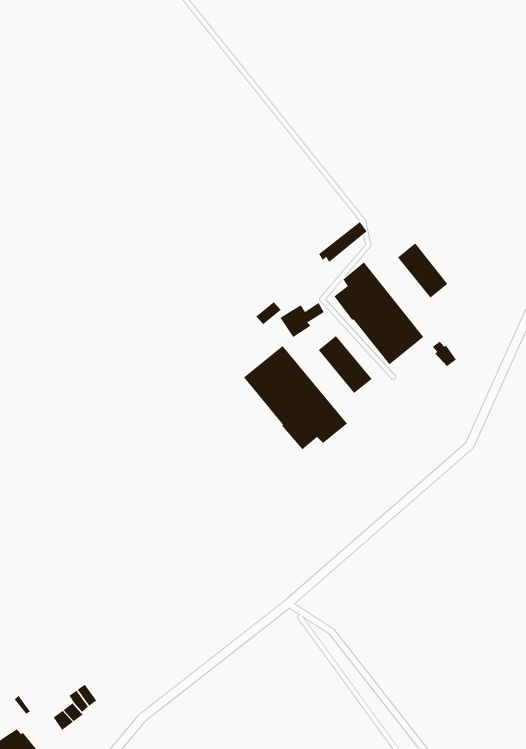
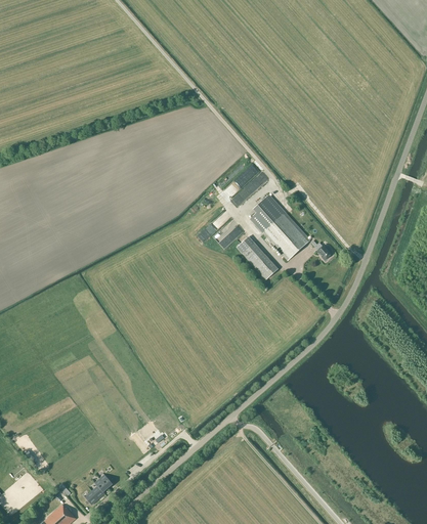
building: [397,243,448,299] -> none
building: [243,345,348,450] -> none

